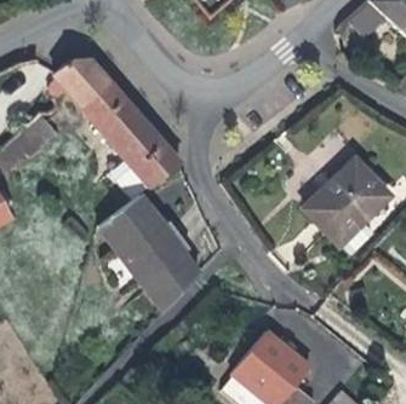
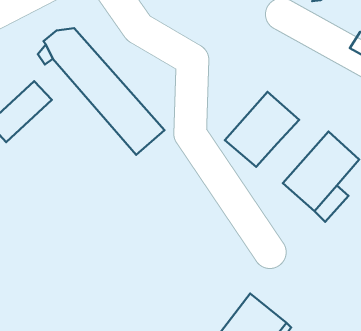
building: none -> [225,92,299,167]
building: [103,196,201,312] -> none

